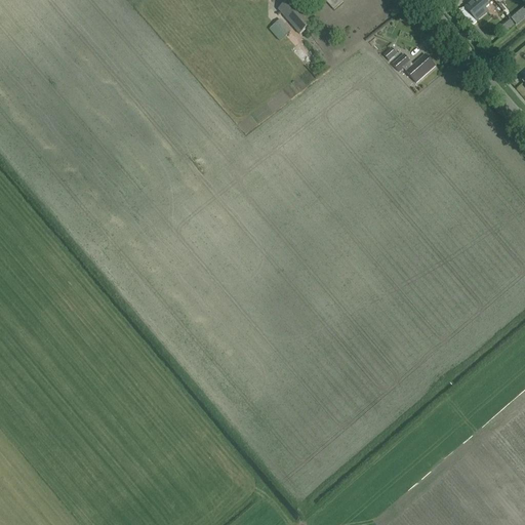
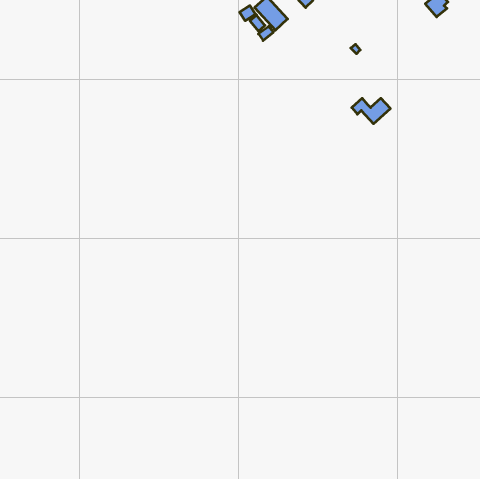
building: [391,52,433,80] -> [352,98,390,124]

